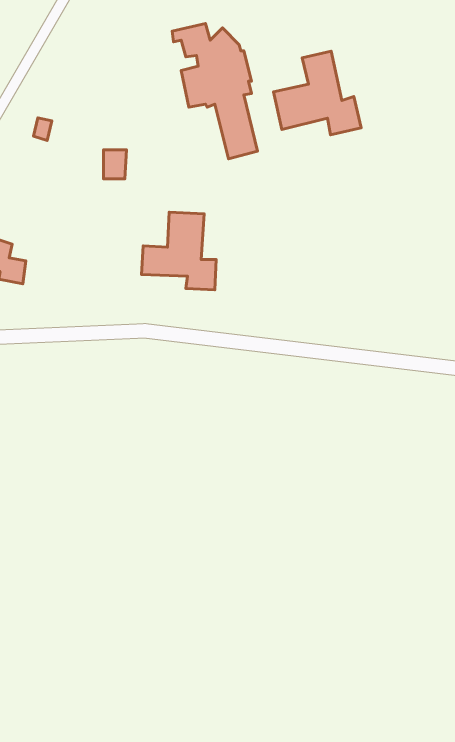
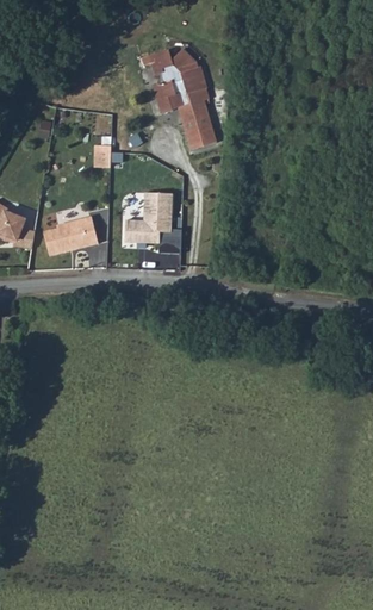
building: [273,51,361,135] -> none
building: none -> [42,217,97,257]

